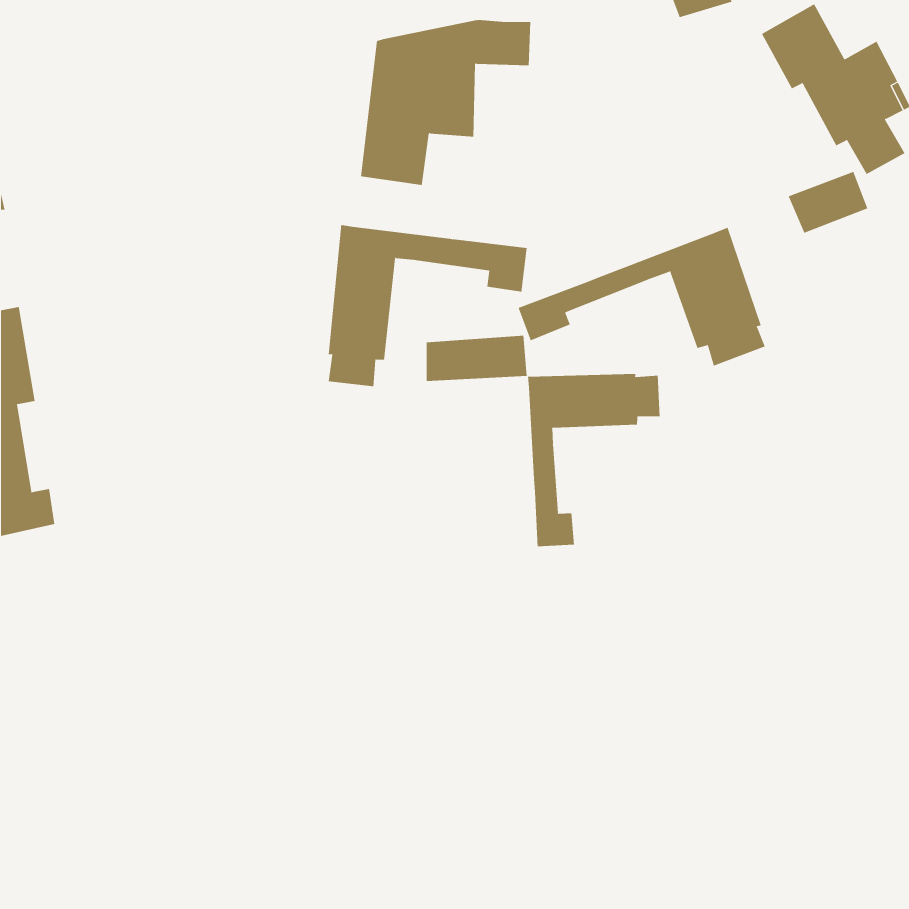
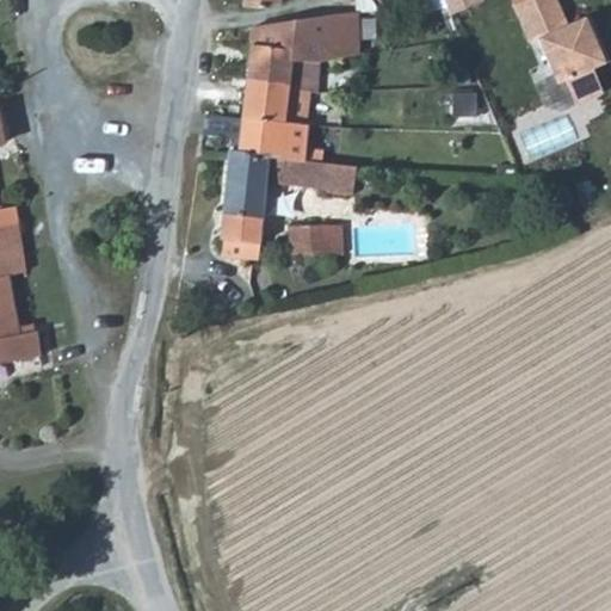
building: none -> [237,118,308,160]
building: [518,227,766,367] -> none
building: [528,373,660,547] -> none

